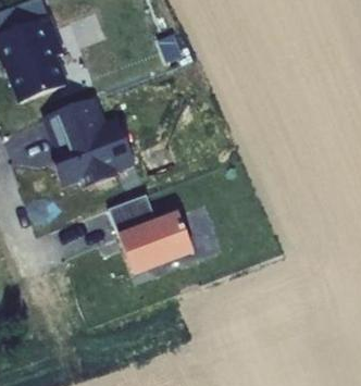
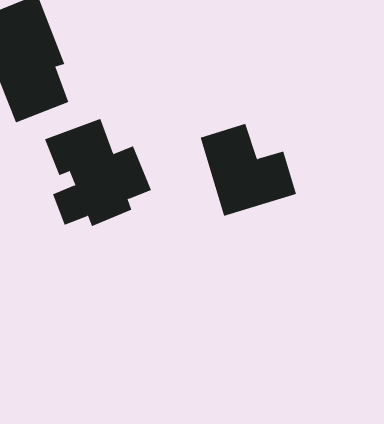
building: [111,192,191,270] -> [200,123,297,216]

